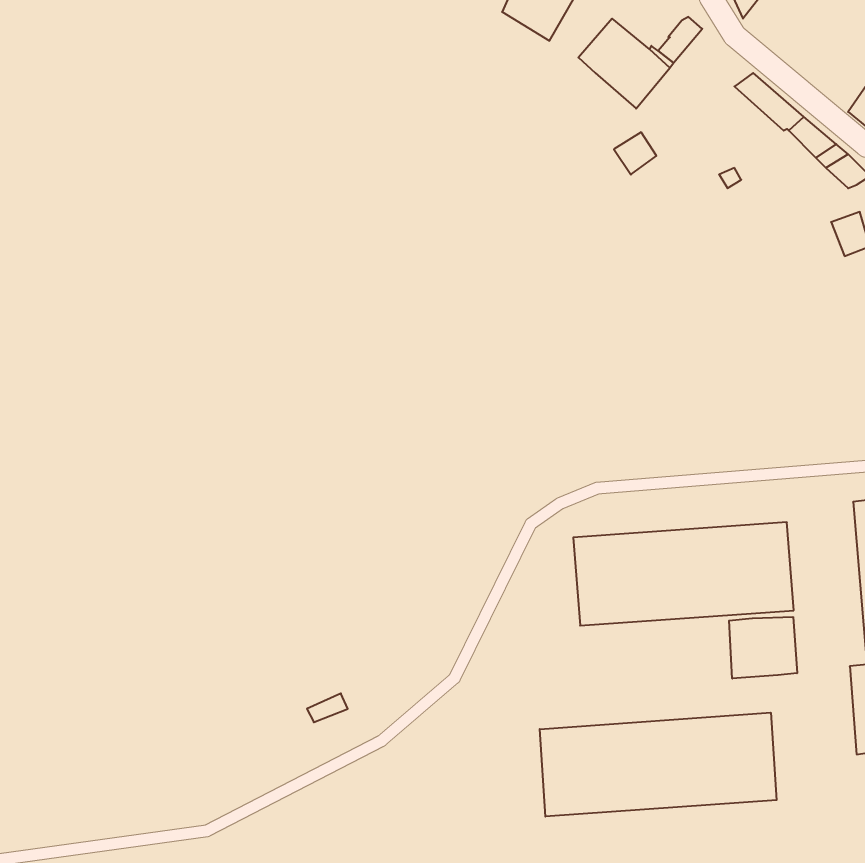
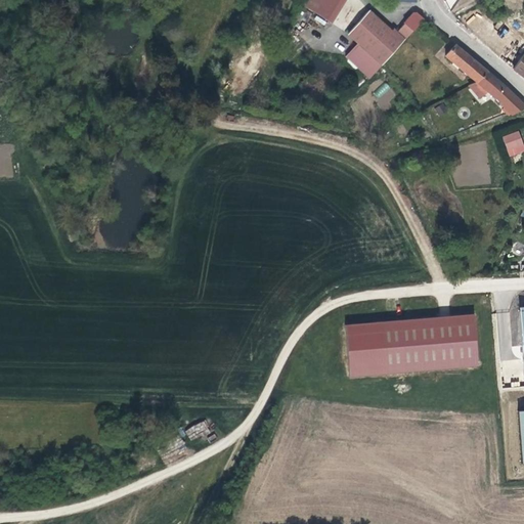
building: none -> [348,44,385,79]
building: [729,617,797,679] -> none
building: [540,713,777,817] -> none

